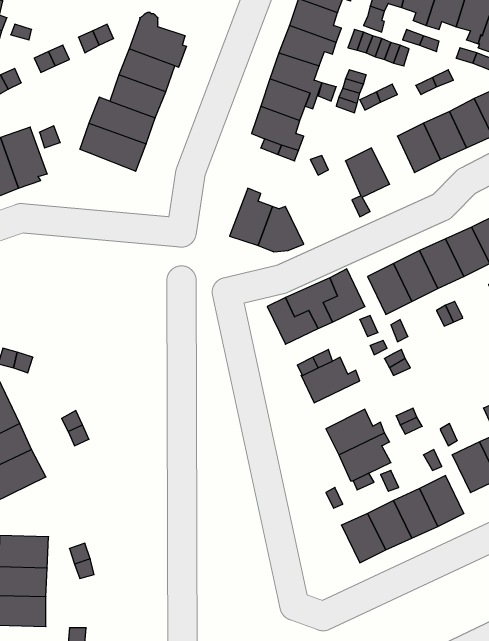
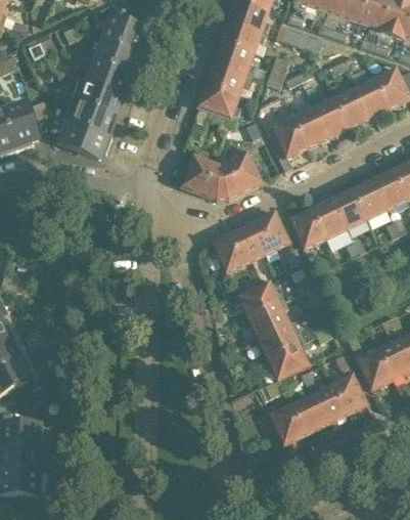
building: none -> [293,107,327,145]
building: none -> [55,118,111,158]
building: none -> [226,146,265,192]
building: none -> [248,300,288,338]

